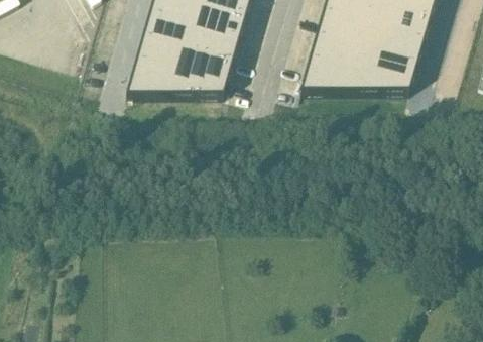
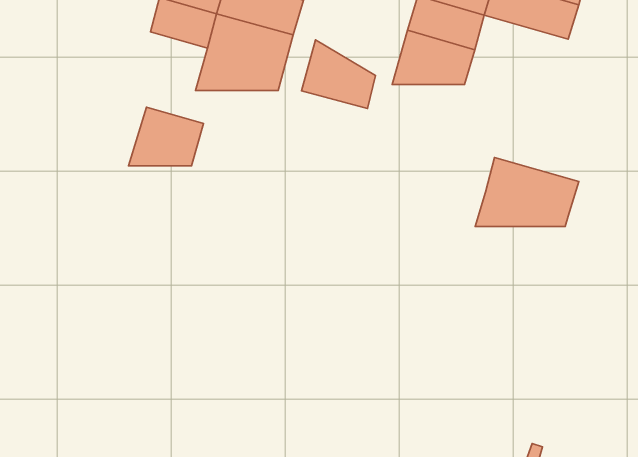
building: [349,39,418,86] -> [475,158,579,227]
building: [126,50,176,90] -> [128,107,204,166]
building: none -> [301,40,376,108]

